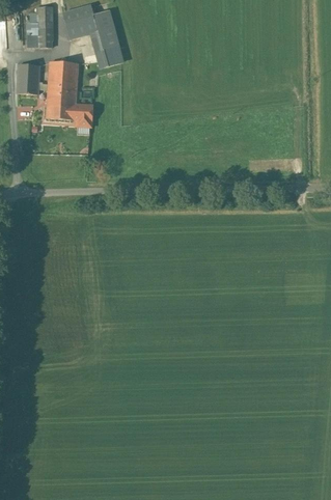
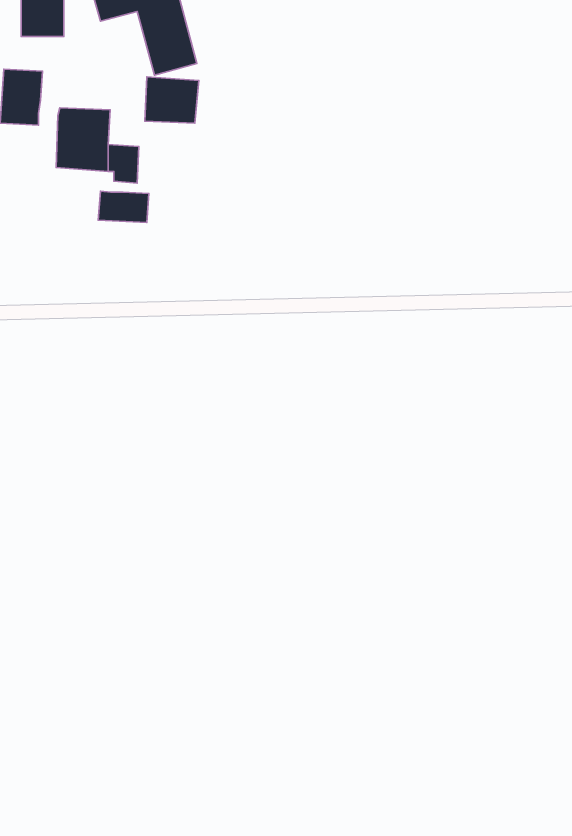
building: [49,61,78,86] -> [145,77,199,123]
building: none -> [98,191,149,223]

